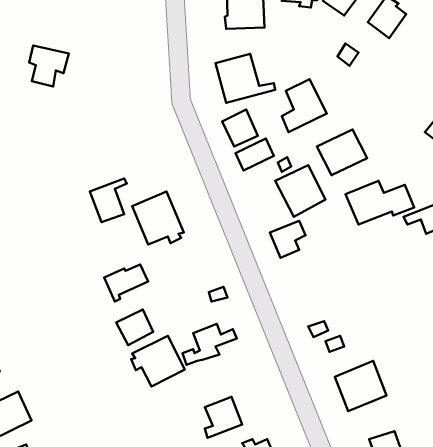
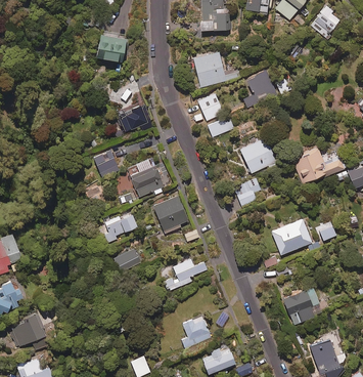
building: [29,45,69,86] -> [100,30,131,61]
building: none -> [119,103,154,131]
building: [317,129,367,175] -> none
building: none -> [154,195,189,234]
building: none -> [271,218,312,255]
building: [131,336,185,386] -> none

